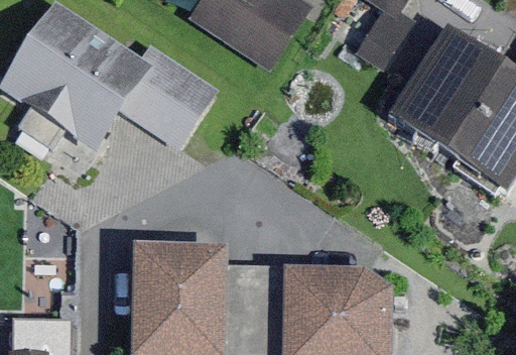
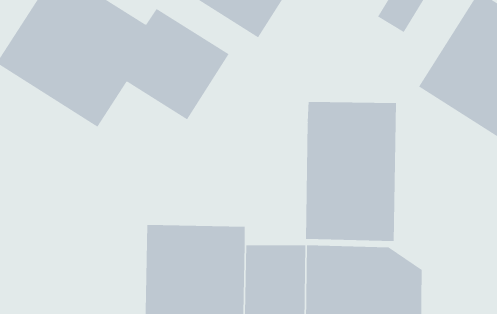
building: none -> [305,101,397,242]

